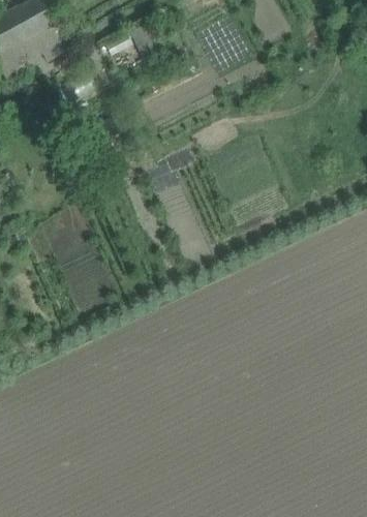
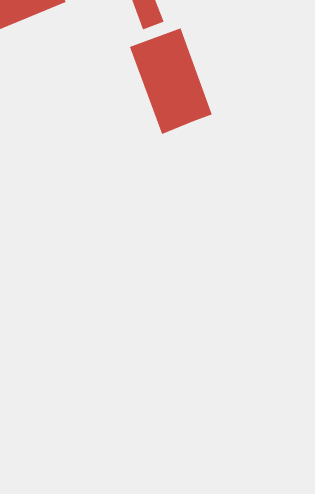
building: none -> [129,27,213,135]

